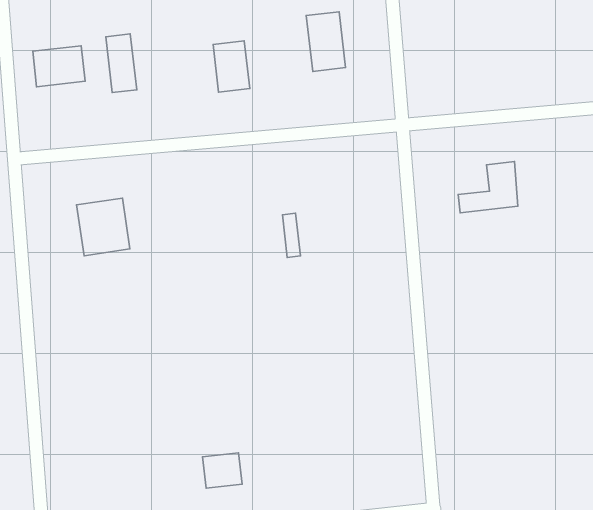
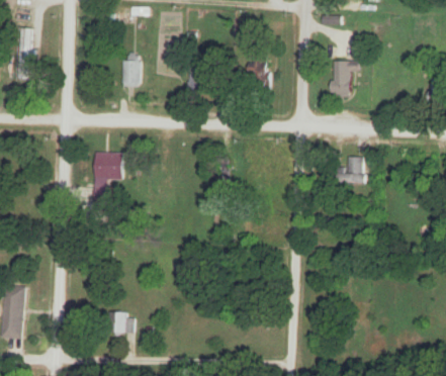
building: none -> [332,61,356,96]
building: [33,46,85,87] -> none
building: [202,453,242,488] -> [110,314,132,334]

